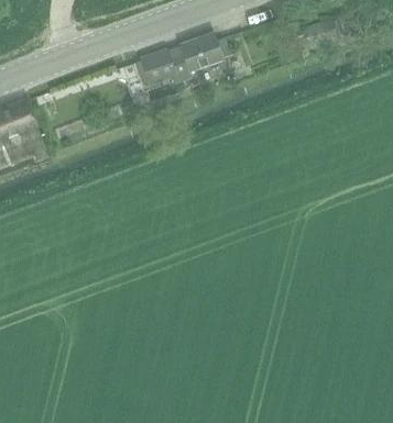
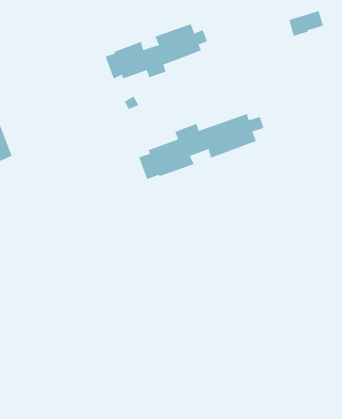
building: none -> [138,113,264,180]

